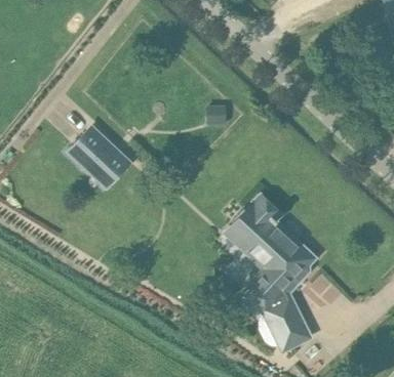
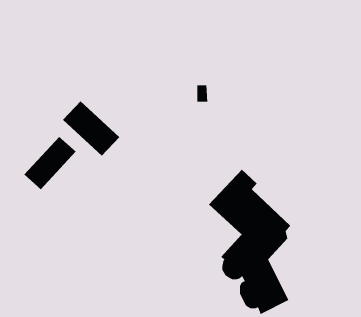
building: none -> [24,136,76,190]

